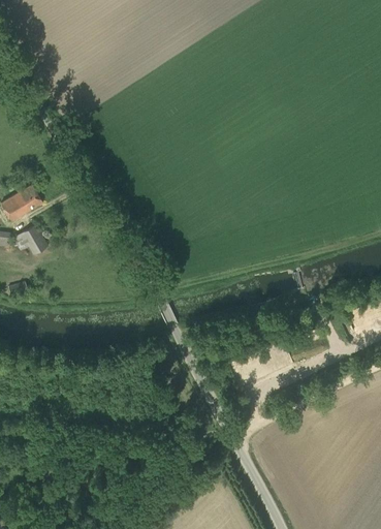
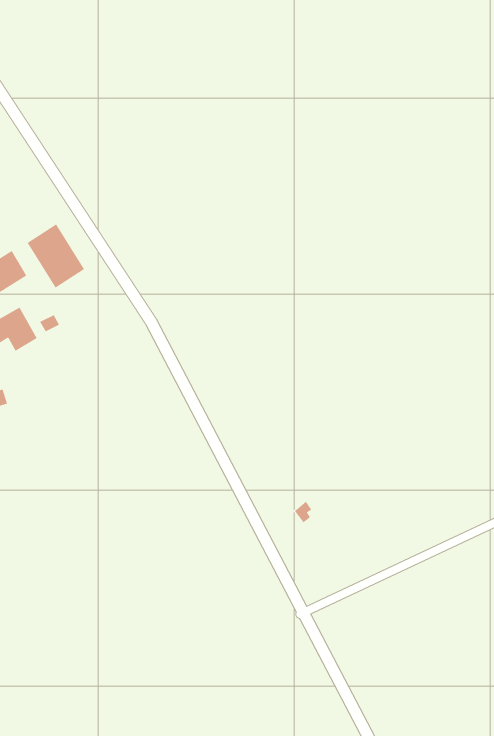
building: none -> [27,224,85,289]

